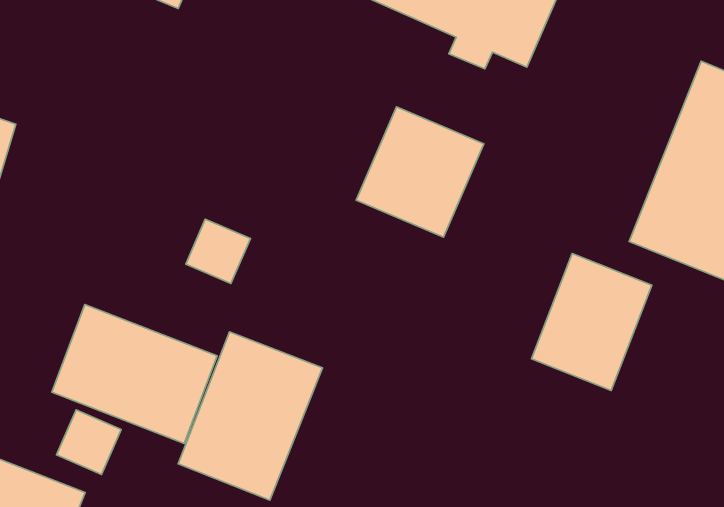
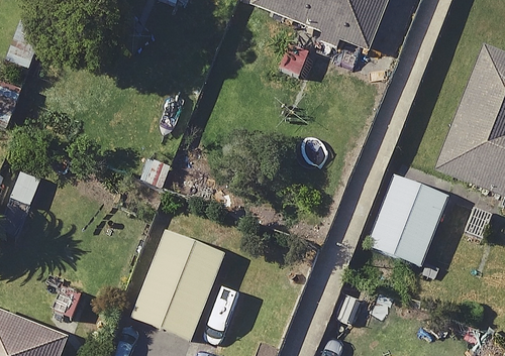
building: [356,107,484,237] -> none
building: [52,305,217,444] -> none

